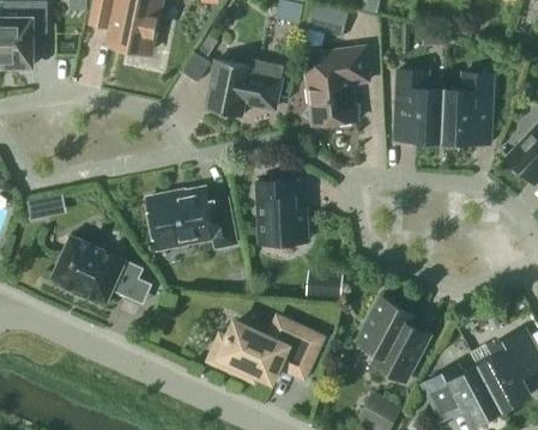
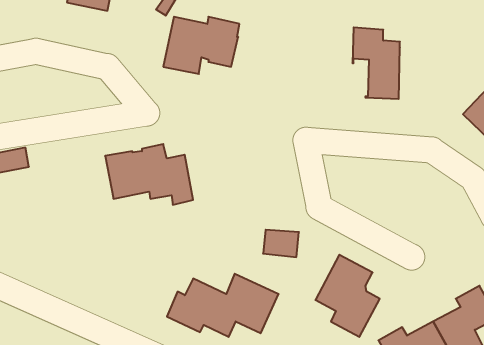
building: [306,48,368,125] -> none
building: [442,73,492,143] -> none
building: [256,180,307,244] -> none
building: [50,235,143,304] -> none

